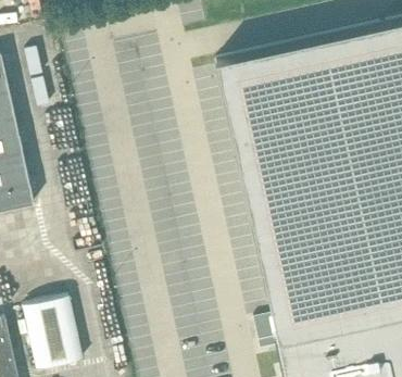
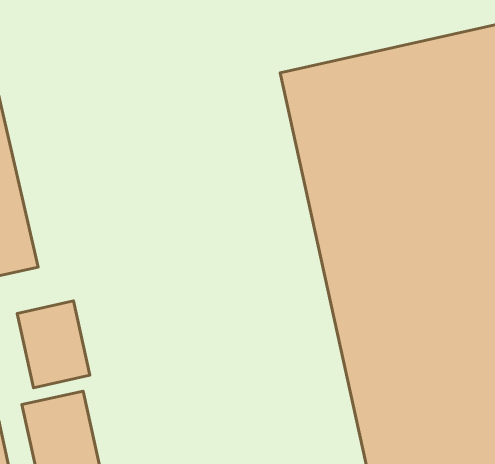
building: none -> [17,301,90,388]

